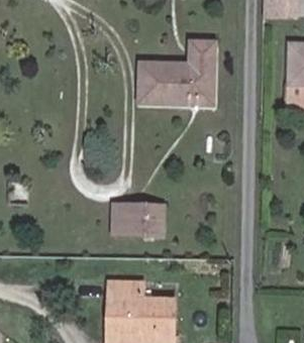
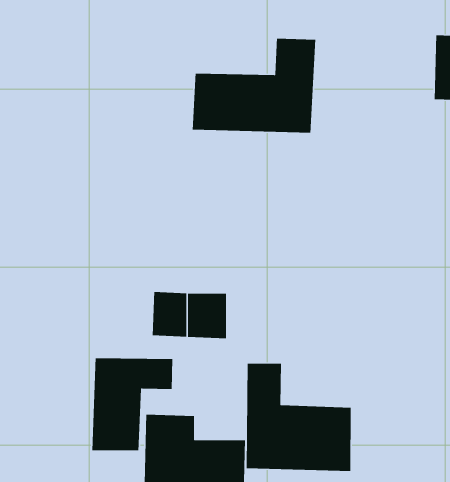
building: none -> [92,358,173,451]
building: none -> [246,363,352,472]

